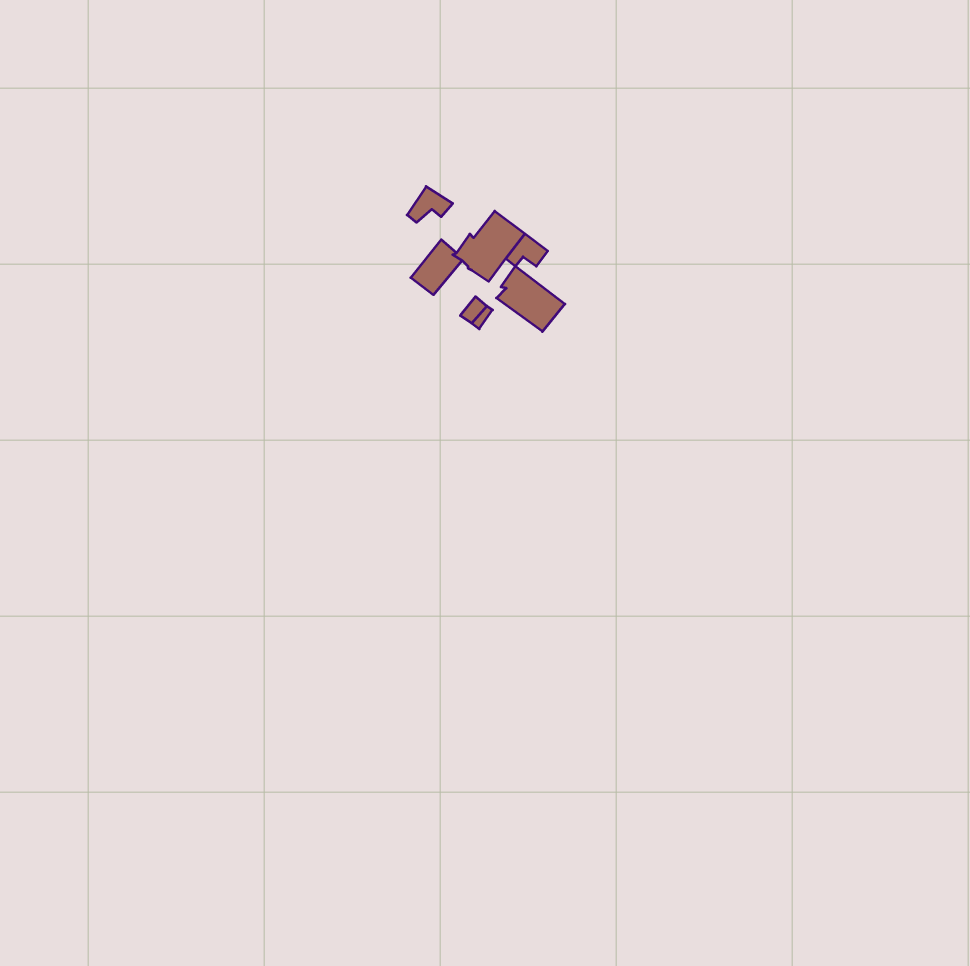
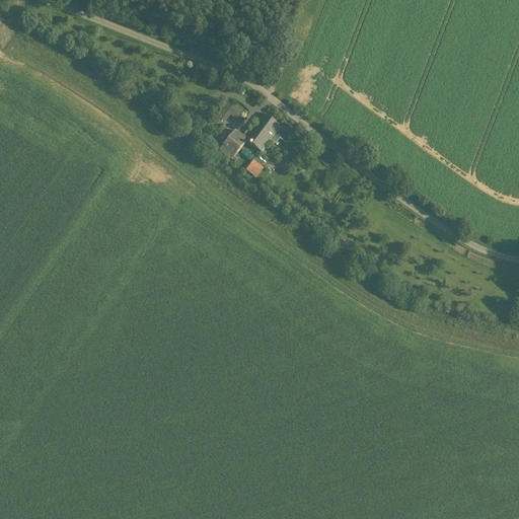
building: [496,266,565,332] -> none

